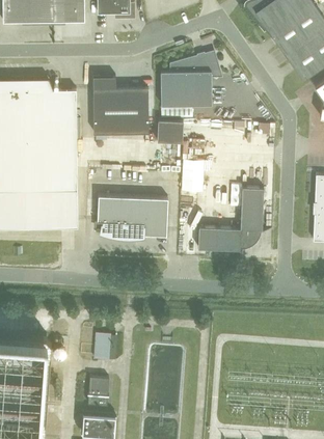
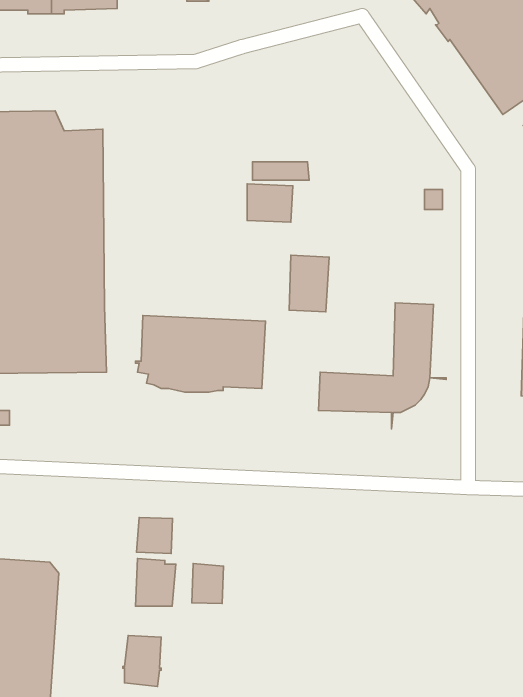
building: [161,53,221,106] -> none
building: [93,77,148,134] -> none
building: none -> [137,517,172,554]
building: none -> [192,564,224,604]

